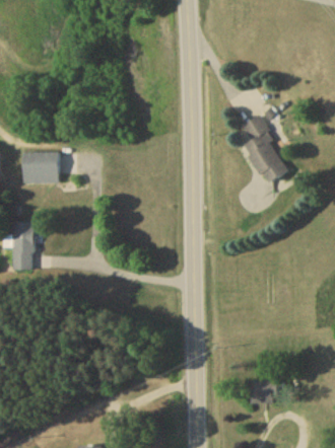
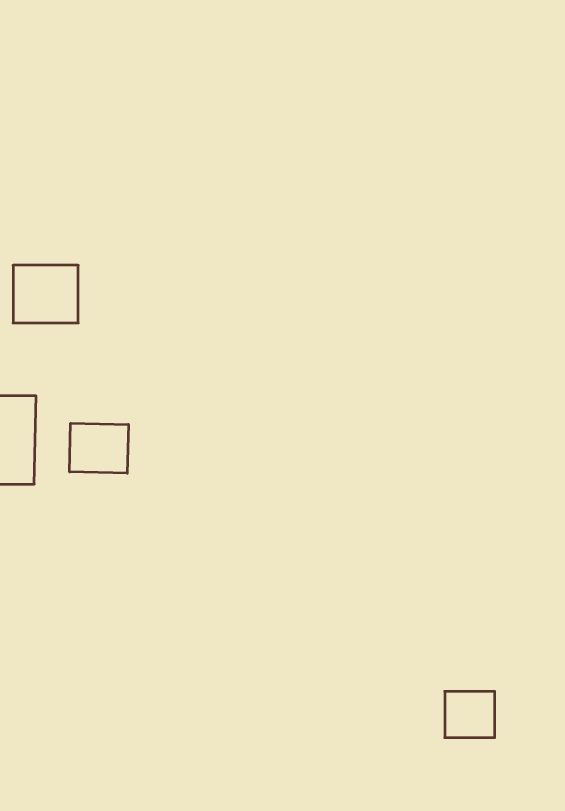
building: [243,118,288,184] -> none
building: none -> [70,423,128,473]

